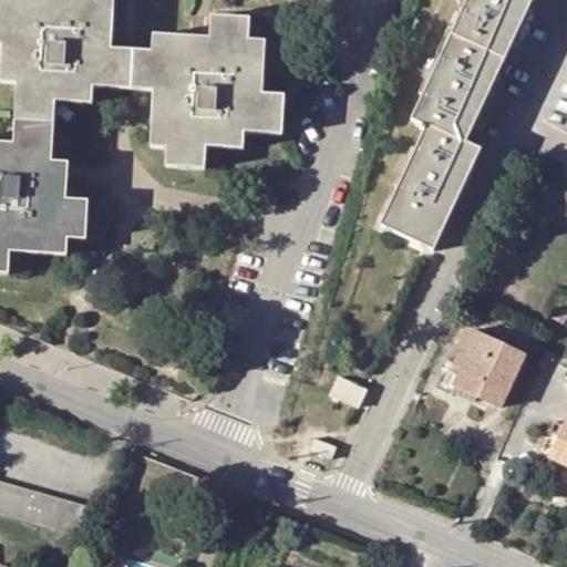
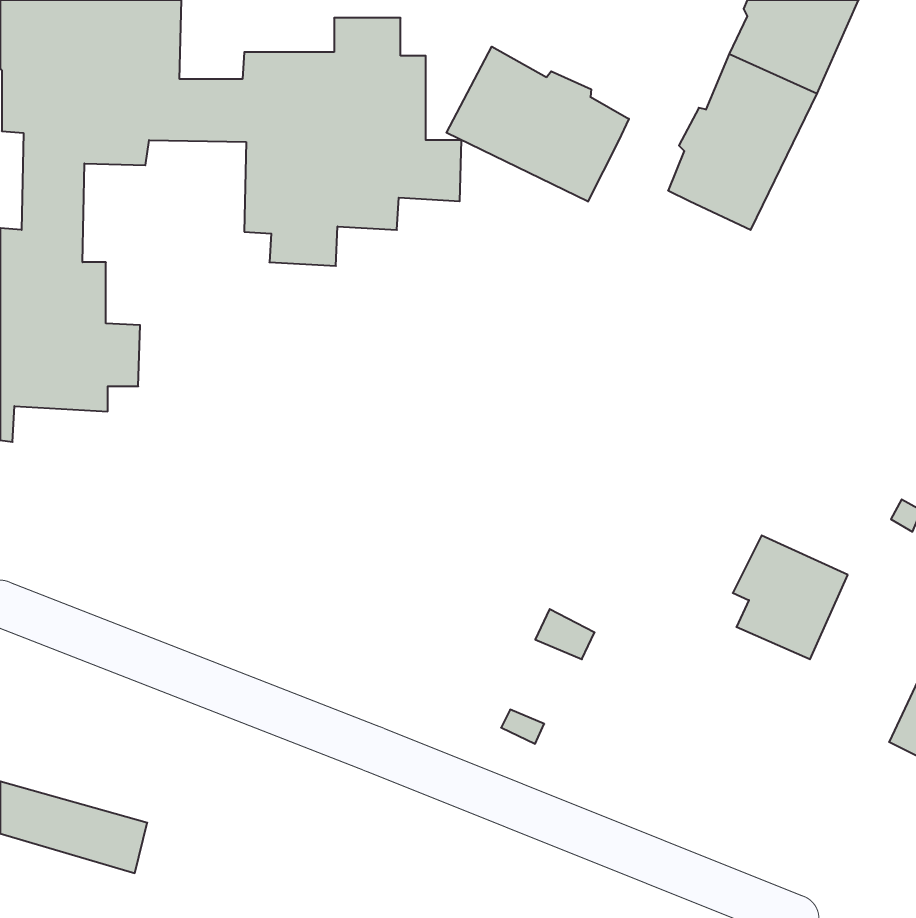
building: none -> [446,47,629,202]
building: [381,124,480,249] -> none

